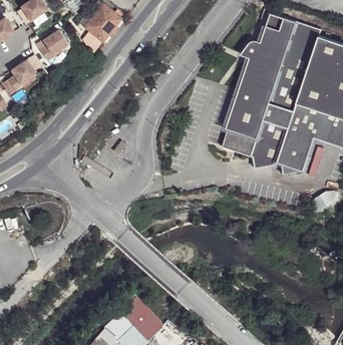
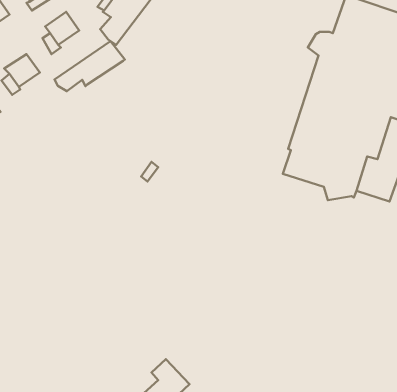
building: none -> [54,41,125,91]

